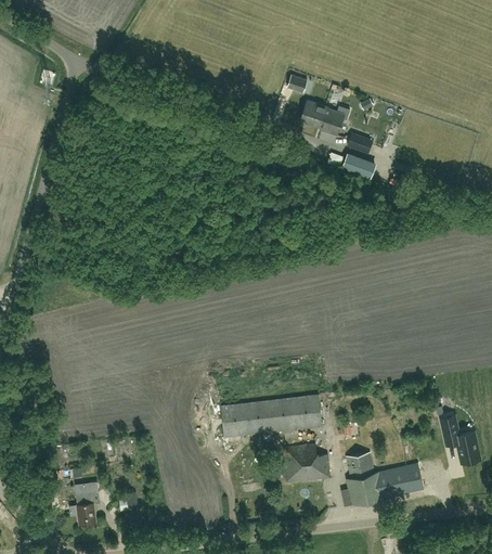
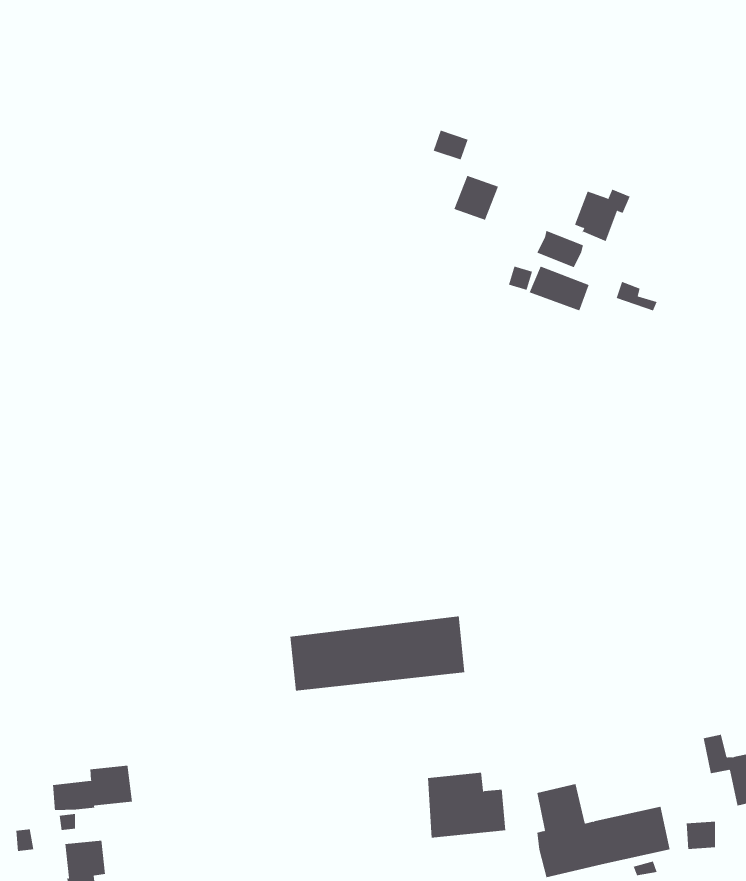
building: [316,106,349,137] -> [574,189,631,242]
building: [220,394,321,437] -> [290,616,465,691]
building: none -> [53,765,132,811]

